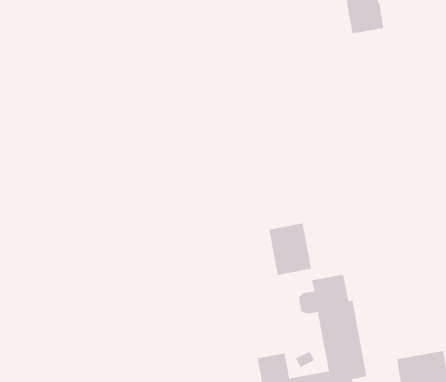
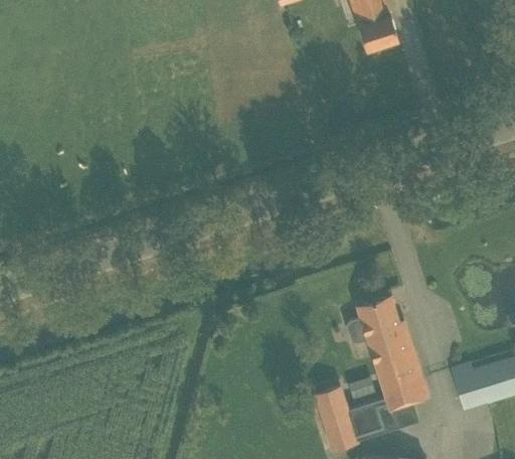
building: [269,222,311,276] -> none

